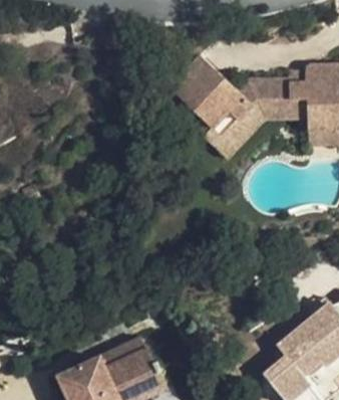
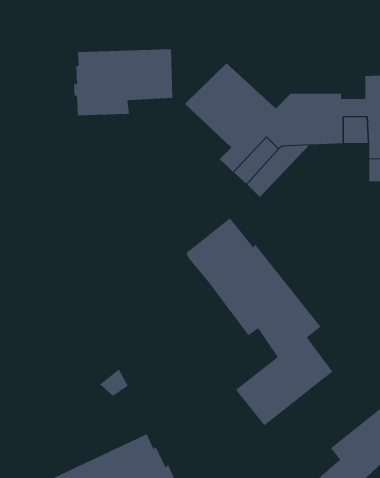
building: none -> [74,48,173,116]
building: none -> [186,218,333,426]

